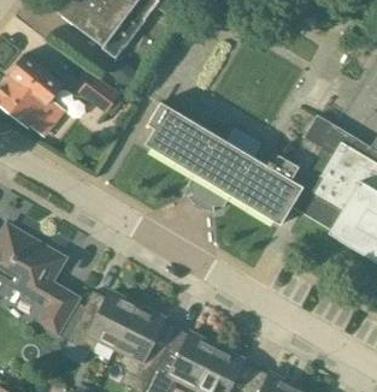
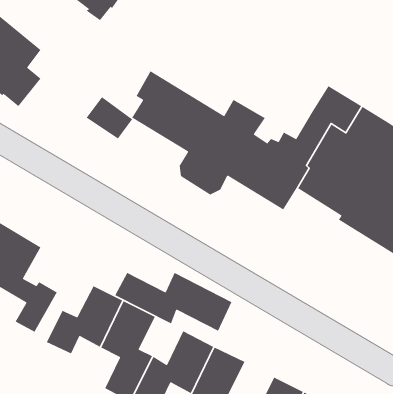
building: [78,76,120,114] -> [86,96,133,140]
building: none -> [114,272,233,332]

